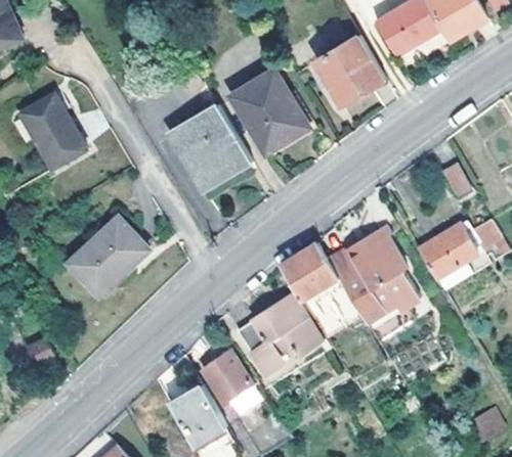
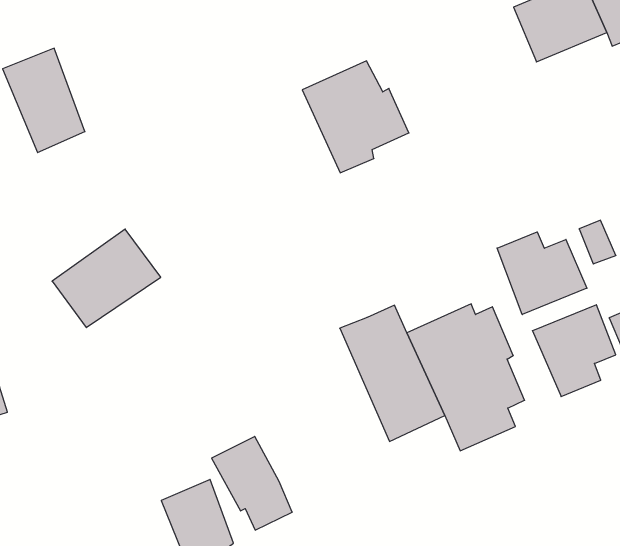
building: [315,34,384,103] -> none
building: [169,107,252,192] -> none
building: none -> [497,232,587,315]
building: [238,292,326,372] -> none

